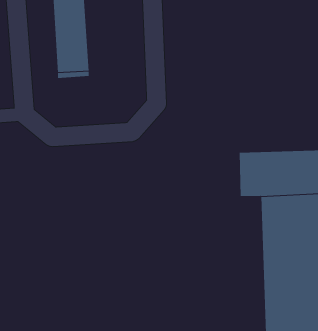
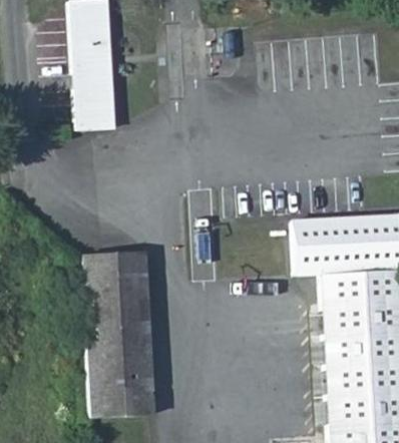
building: none -> [82,264,152,416]

